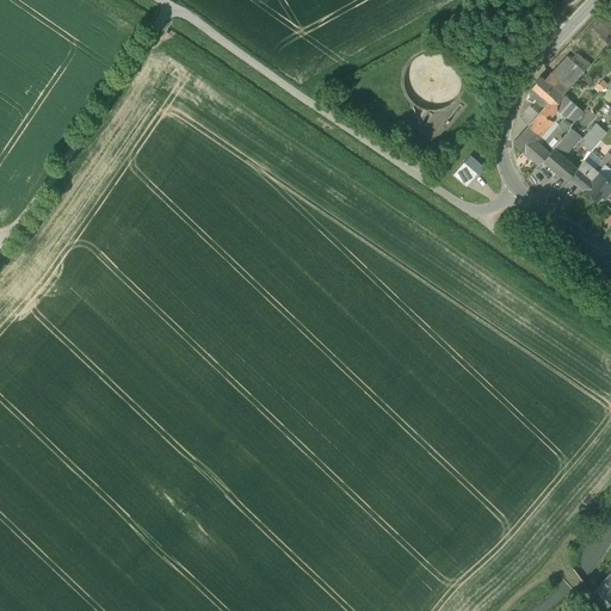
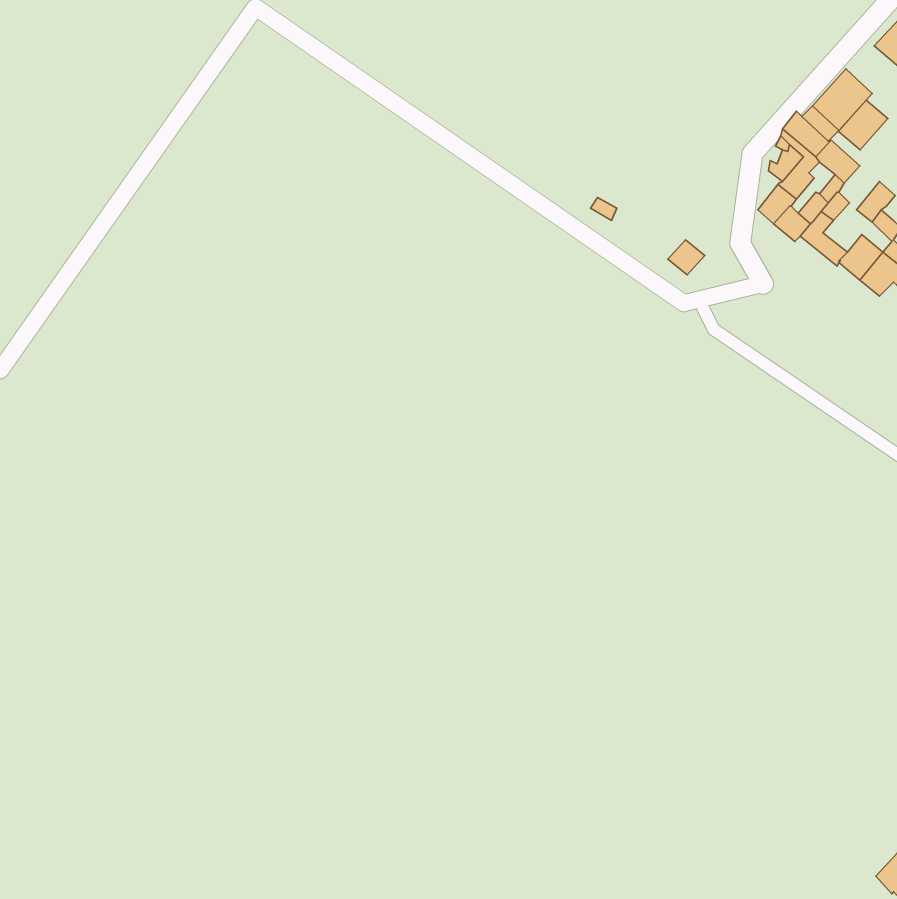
building: none -> [839,100,888,150]

